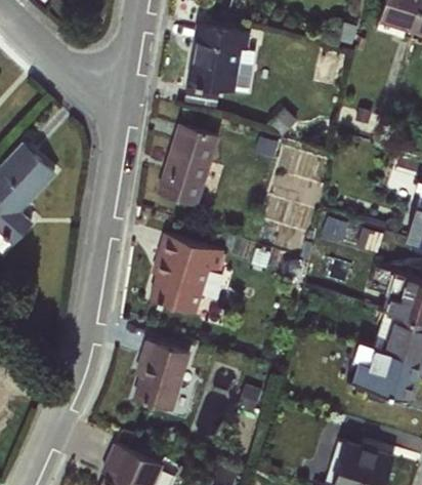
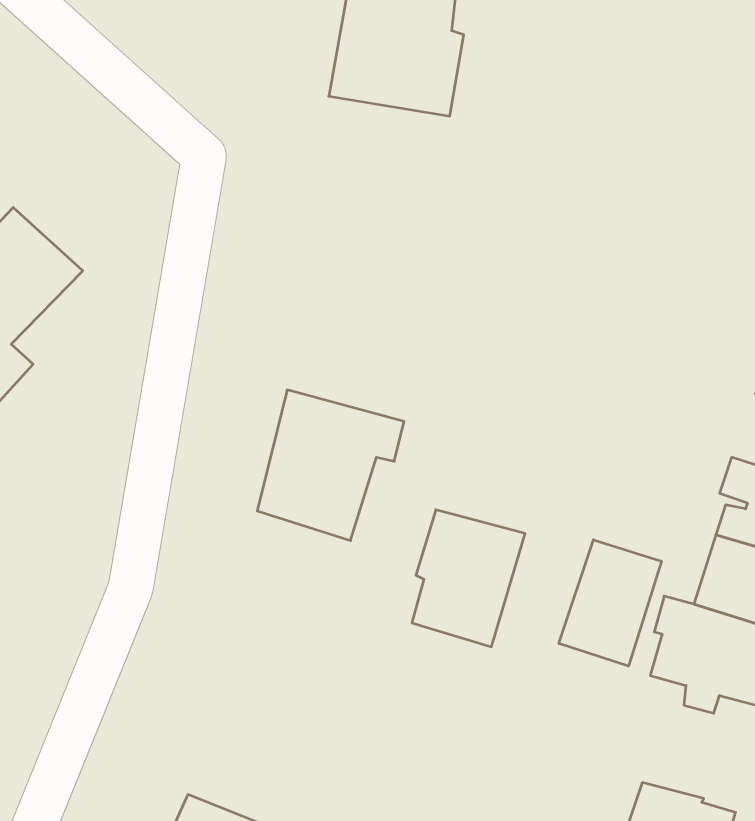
building: [156,123,219,208] -> none
building: none -> [559,540,661,666]
building: [132,342,191,413] -> [412,510,525,647]

